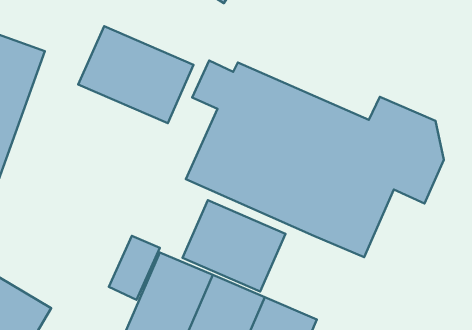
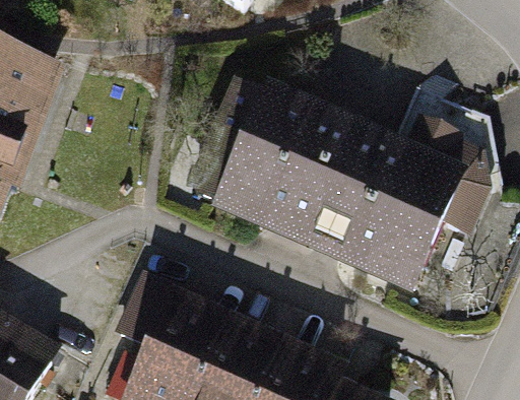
building: [78,26,194,123] -> none
building: [182,200,285,291] -> none

